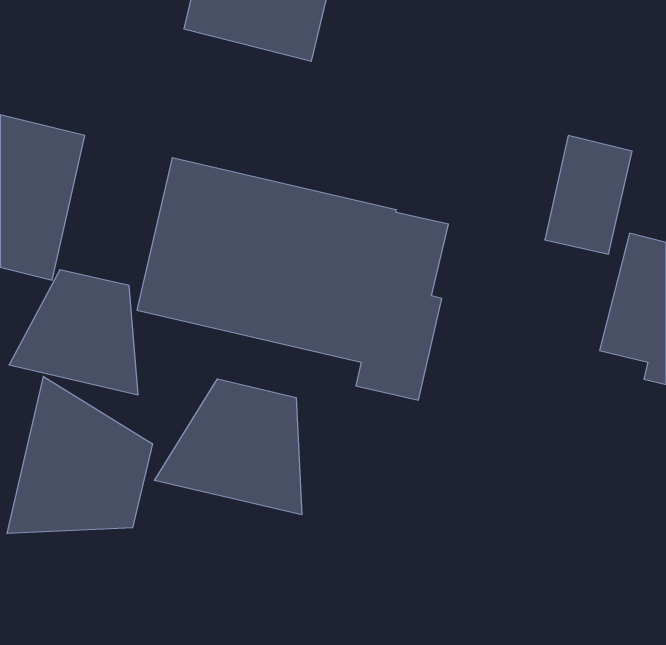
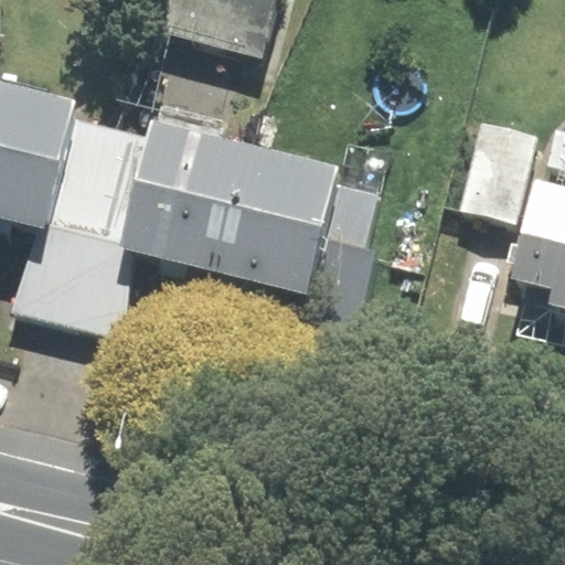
building: [7,376,153,534] -> none
building: [155,379,302,515] -> none

